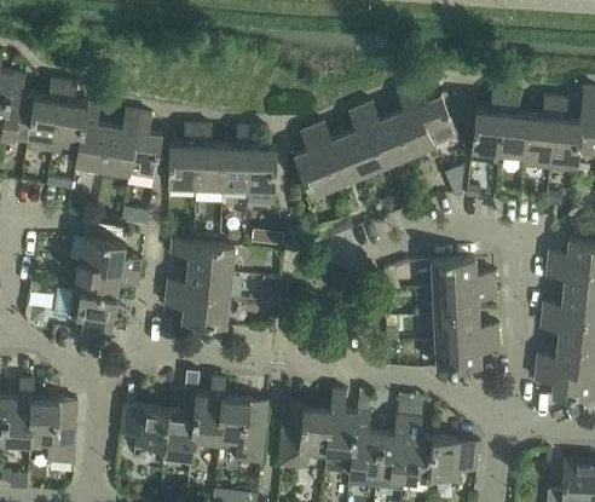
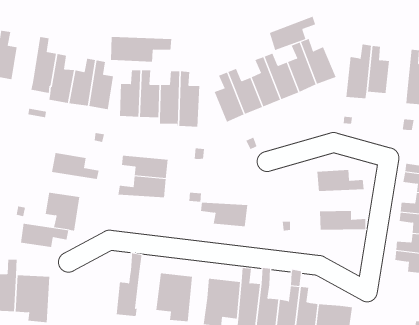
building: none -> [269,16,316,51]
building: [25,80,63,152] -> none
building: none -> [110,36,172,62]
building: [522,97,558,171] -> none
building: [75,262,140,295] -> [20,223,69,247]
building: [434,285,496,315] -> none
building: [166,293,230,325] -> [200,202,248,227]
building: [437,339,499,368] -> none
building: [191,376,225,446] -> none
building: [121,405,169,452] -> none

